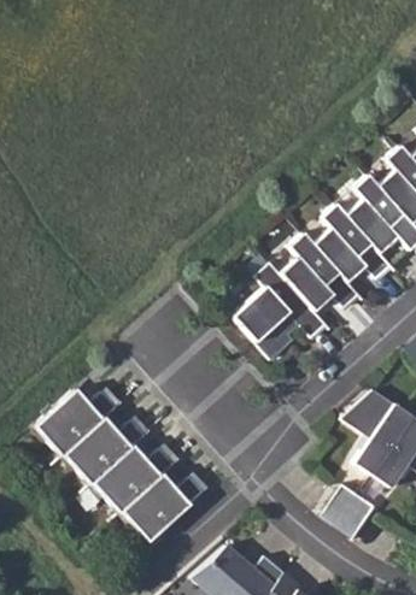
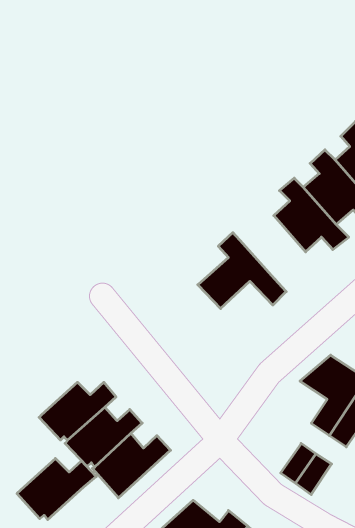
building: [282,231,361,310] -> none
building: [35,389,119,454] -> [17,458,96,520]

